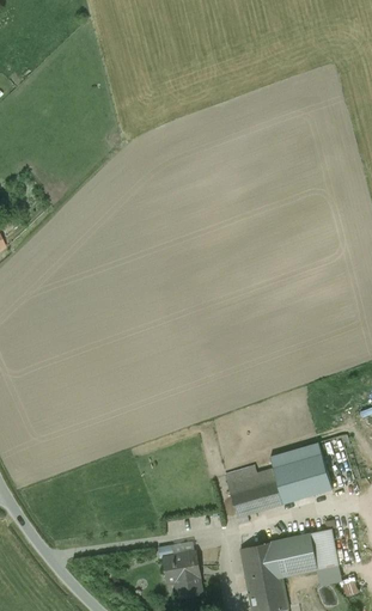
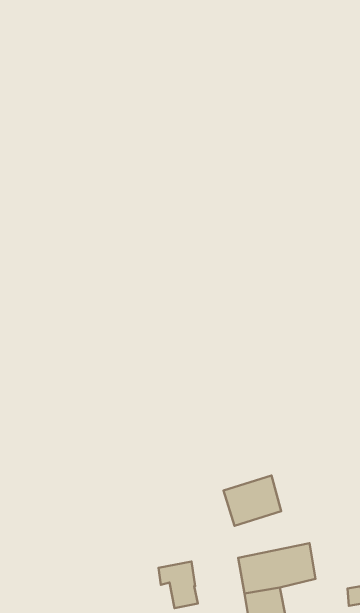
building: [269,444,331,503] -> none
building: [310,530,341,583] -> none

